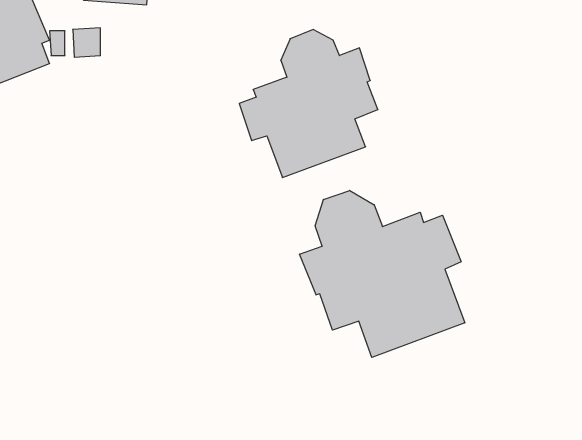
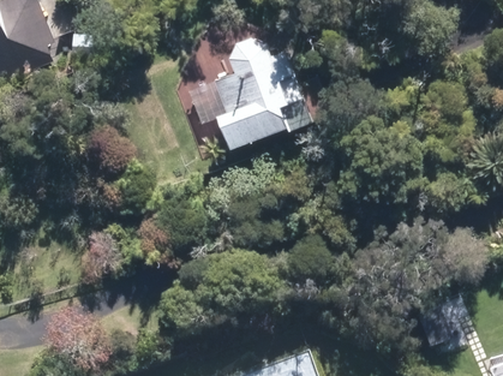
building: [300,190,465,357] -> none

